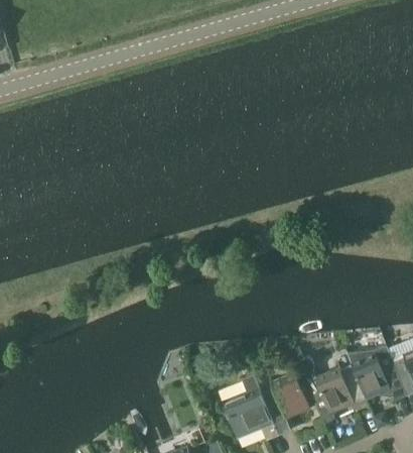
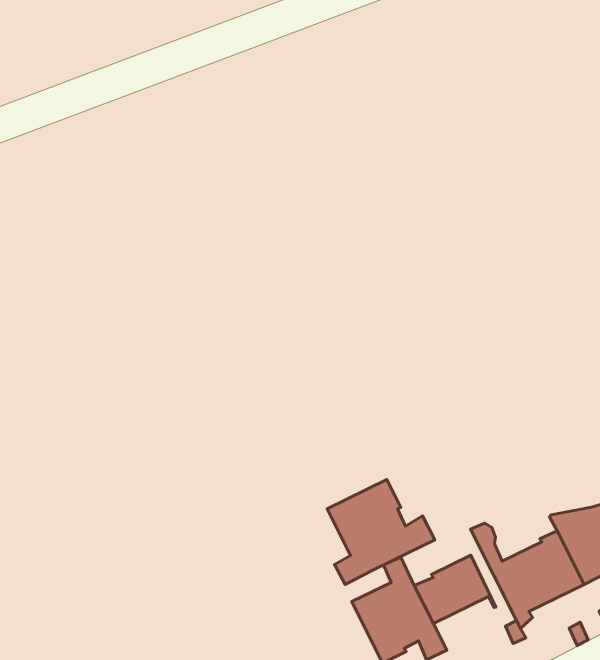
building: none -> [327,480,435,585]

